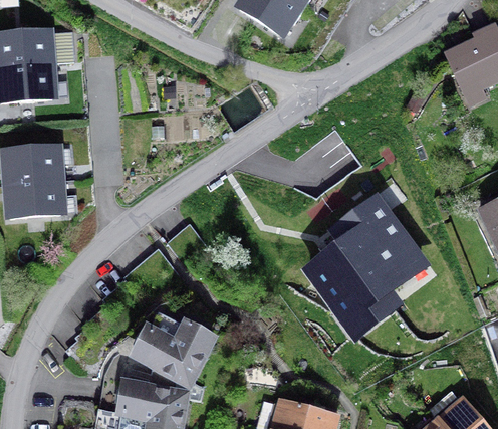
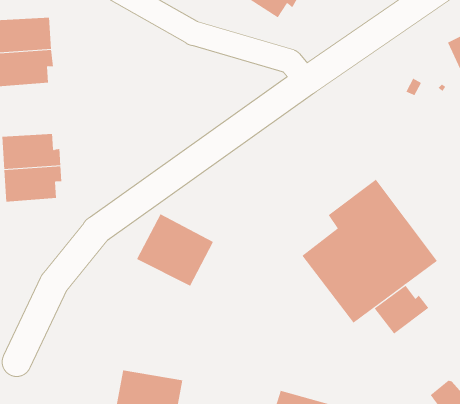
building: none -> [374,285,429,334]
building: [134,309,211,382] -> [136,214,214,286]

